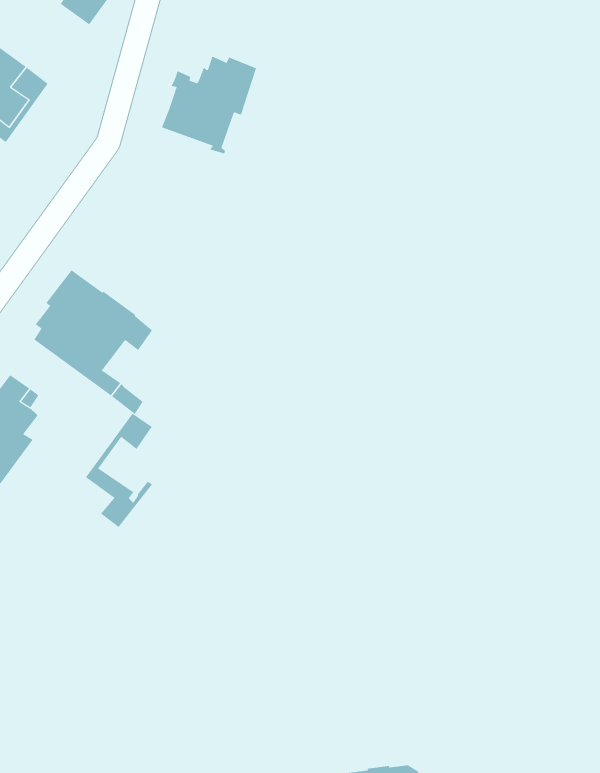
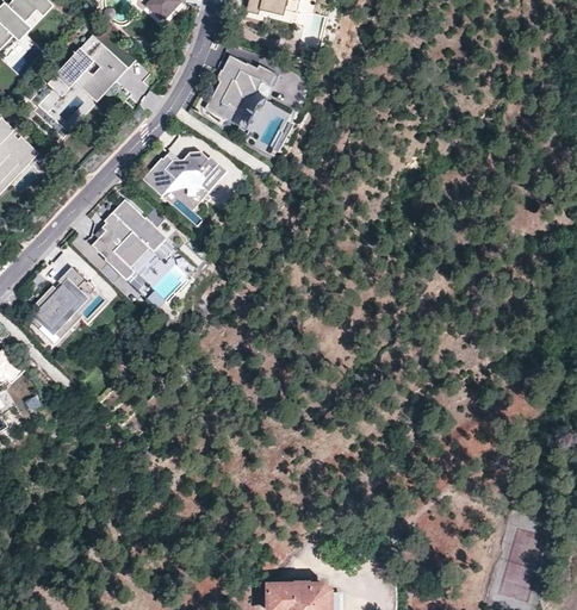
building: none -> [142,148,225,212]
building: [85,413,153,528] -> none

